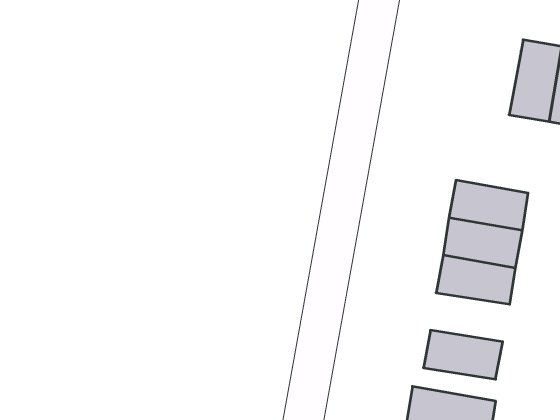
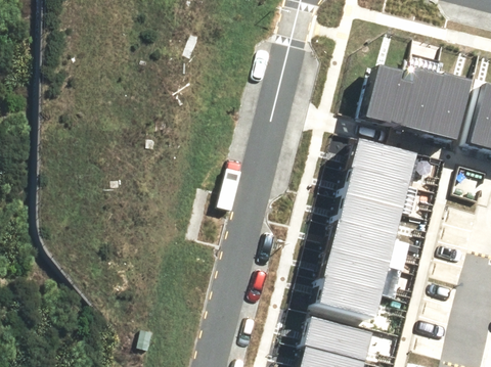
building: none -> [368,67,409,122]
building: none -> [354,140,414,181]
building: none -> [327,250,388,290]

